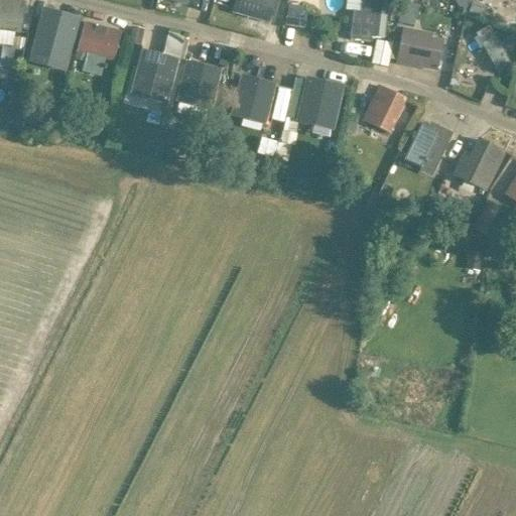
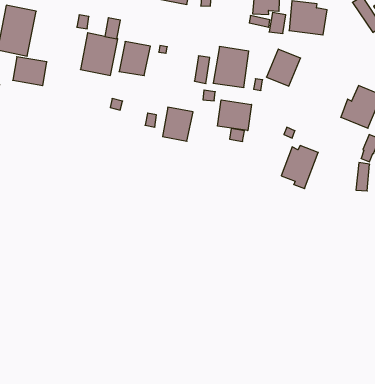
building: [79,21,123,59] -> [13,57,47,86]
building: [235,77,275,121] -> [163,107,193,141]
building: [405,122,454,176] -> [281,146,318,189]
building: none -> [218,100,251,131]

